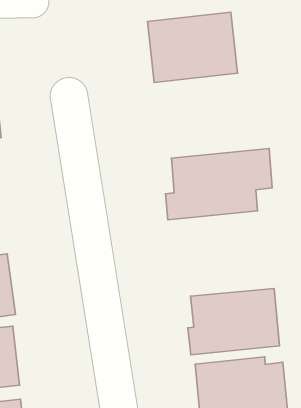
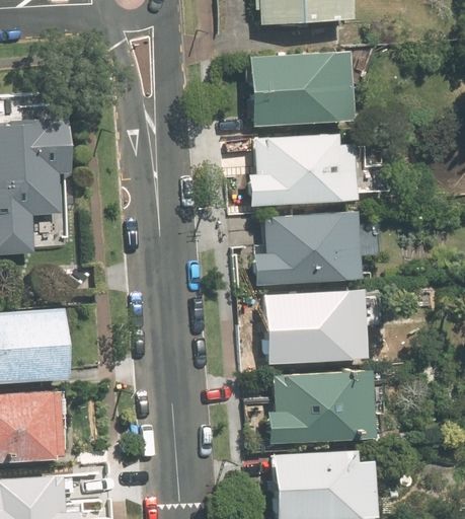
building: none -> [250,133,357,206]
building: none -> [266,290,366,365]

